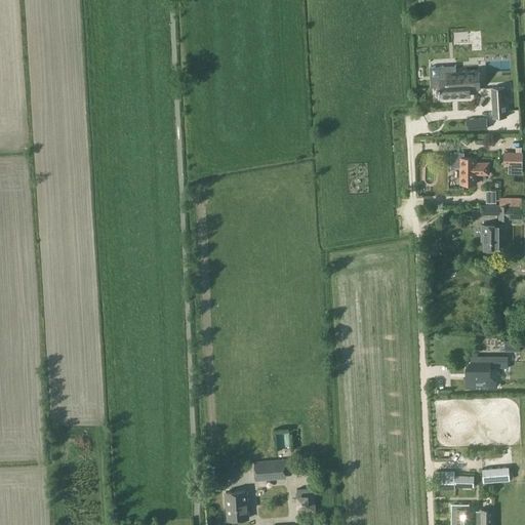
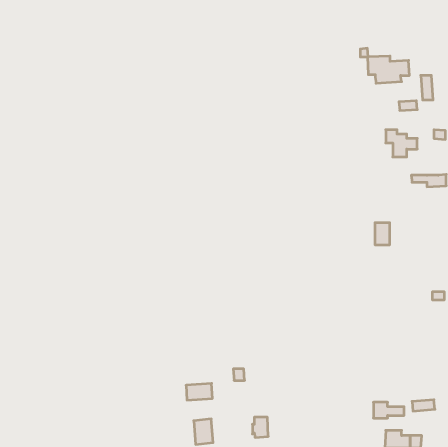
building: [482,226,499,251] -> [375,223,390,245]
building: [466,357,508,391] -> none
building: [255,461,286,481] -> [186,383,212,400]

